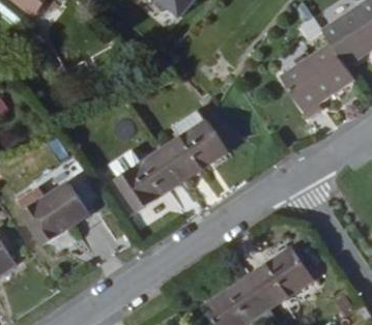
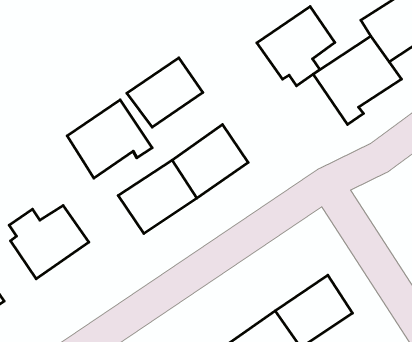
building: none -> [257,6,335,86]
building: none -> [127,58,203,127]
building: none -> [67,100,152,178]

